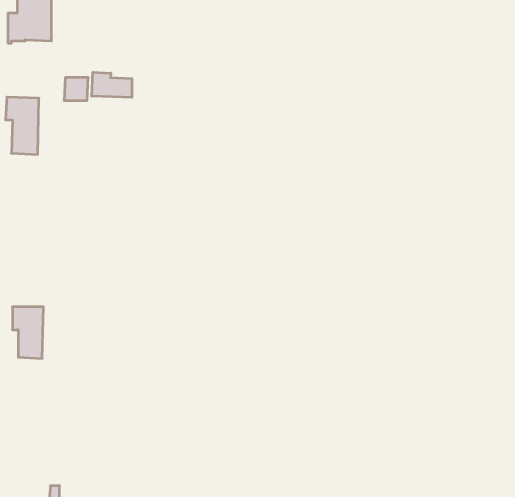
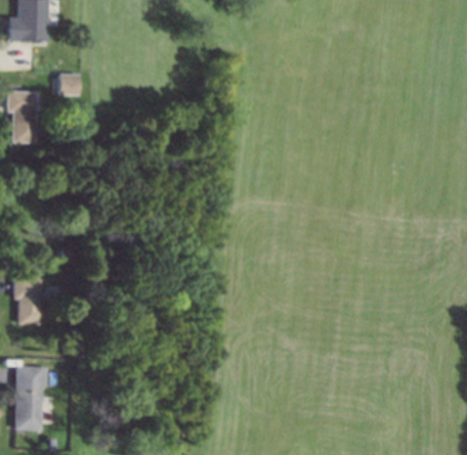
building: [92,72,132,97] -> none
building: none -> [15,366,44,431]

